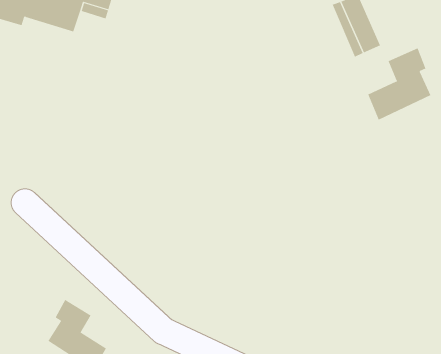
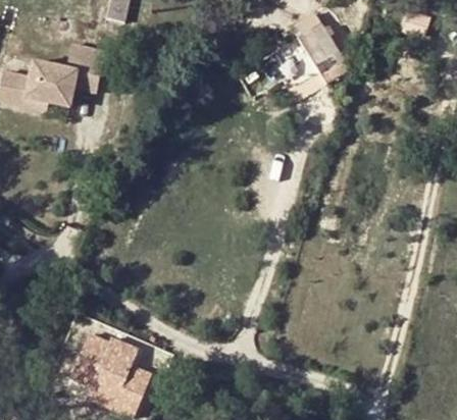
building: [367,48,431,120] -> none

